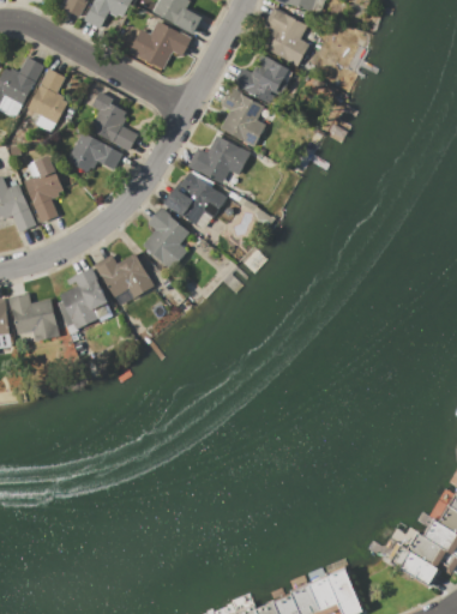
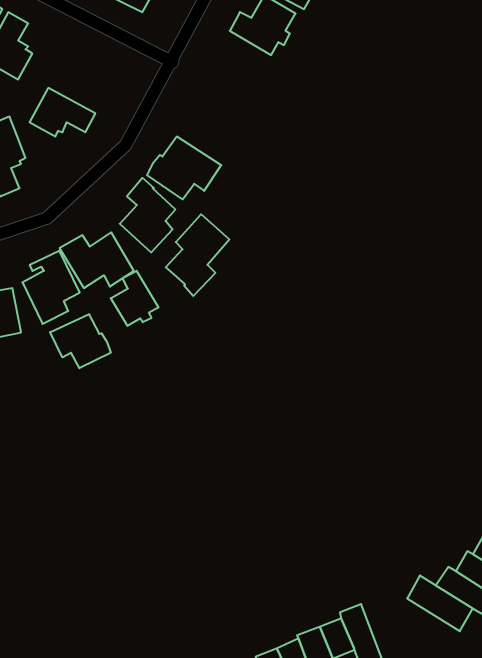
building: [220,86,265,148] -> none
building: [89,92,137,150] -> none
building: [187,134,249,185] -> none
building: none -> [166,214,229,296]
building: none -> [111,271,158,326]
building: none -> [50,314,111,368]

